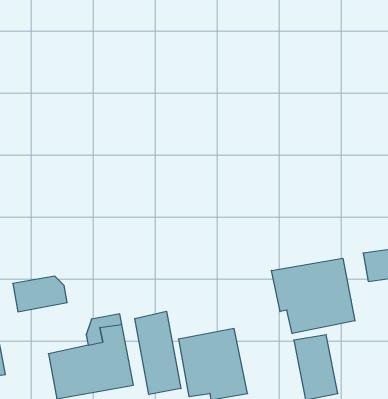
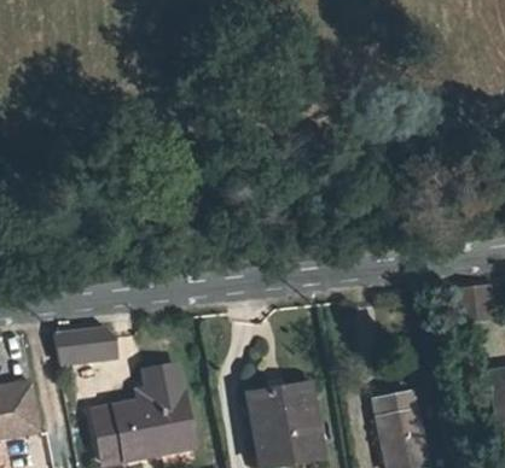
building: [271,258,355,334] -> none
building: [135,311,181,395] -> none

